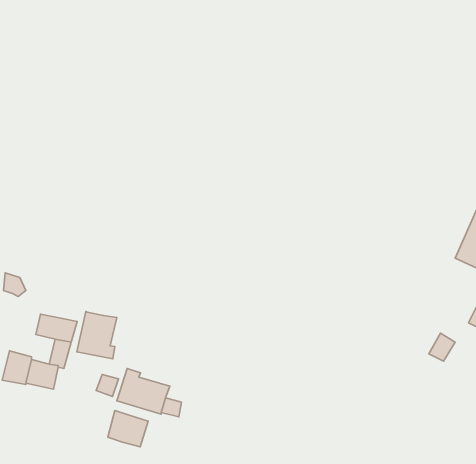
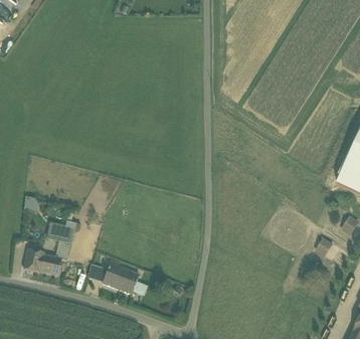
building: [77,311,117,359] -> none
building: [108,411,148,447] -> none

